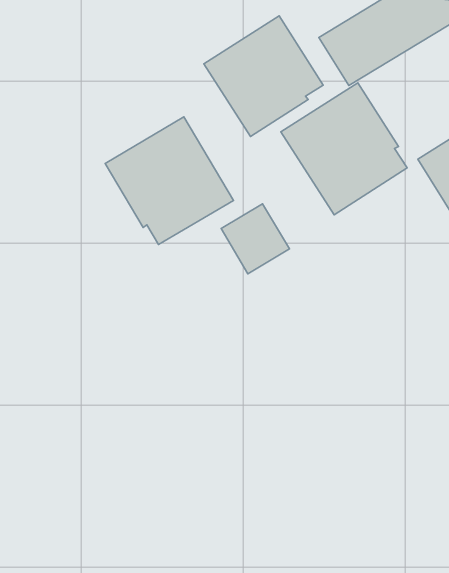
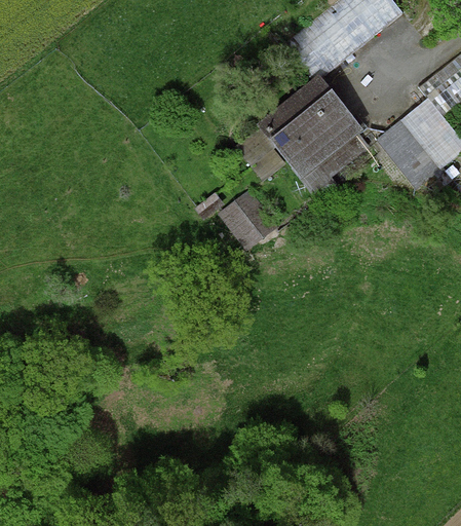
building: [204,16,323,136] -> none
building: [105,117,233,245] -> none

